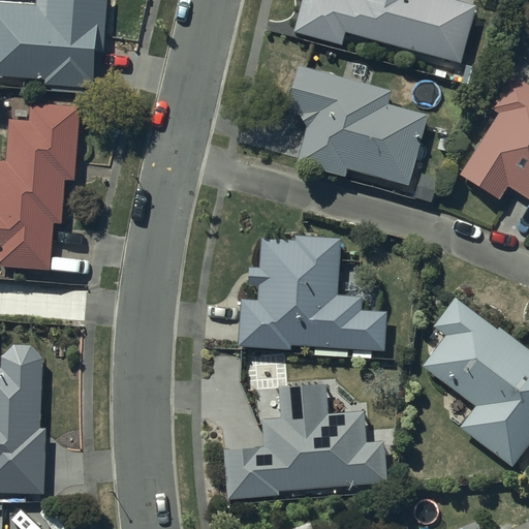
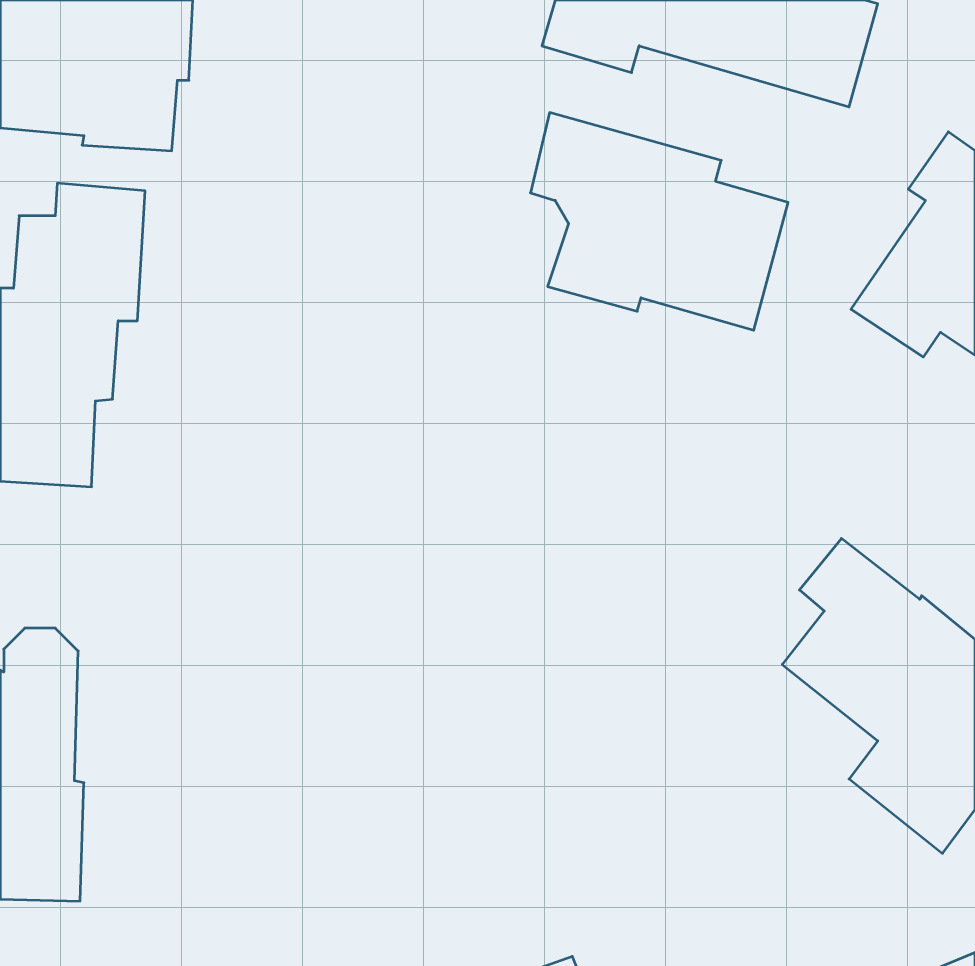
building: [239,235,386,349] -> none
building: [223,386,387,499] -> none

